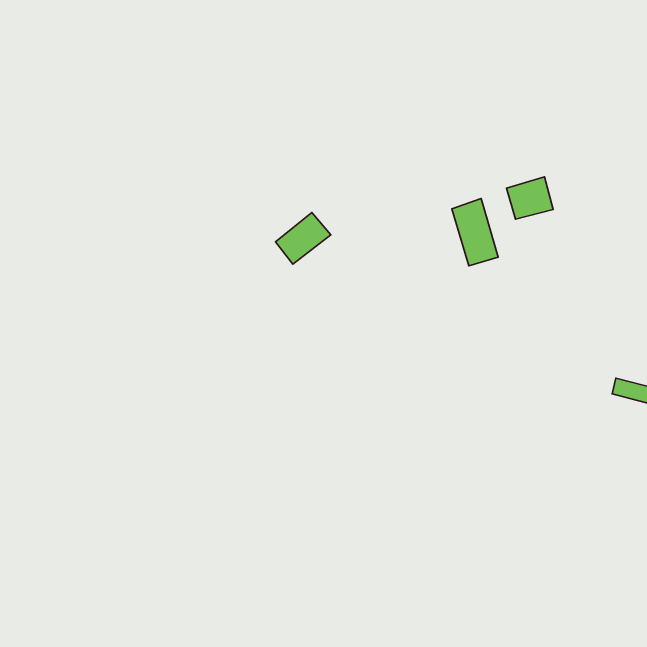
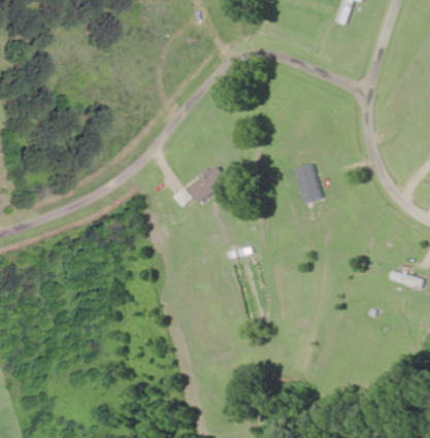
building: [506,177,553,219] -> none

